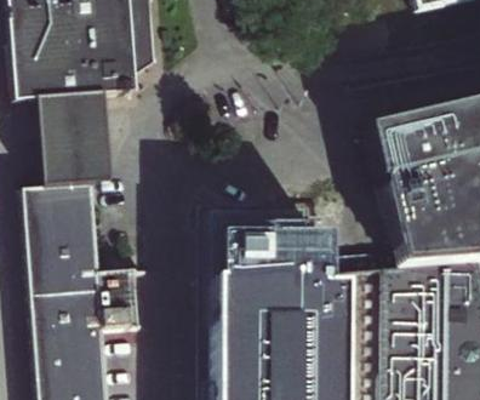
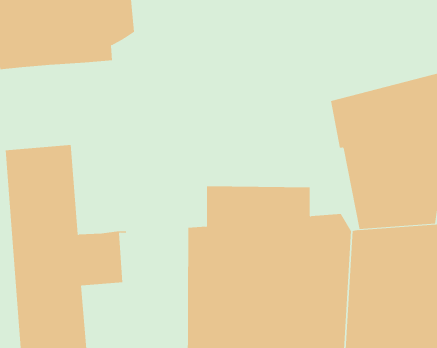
building: [39,90,112,179] -> none

